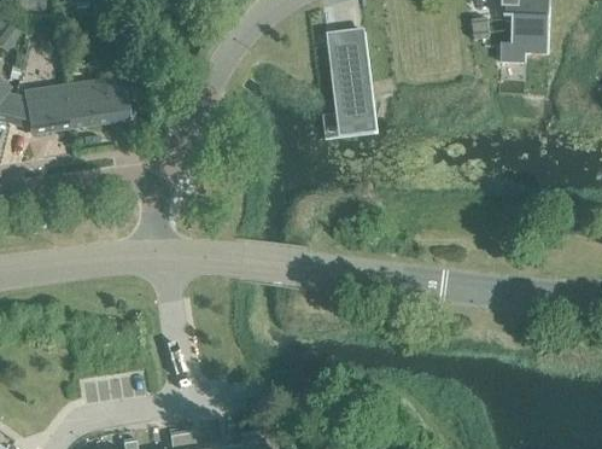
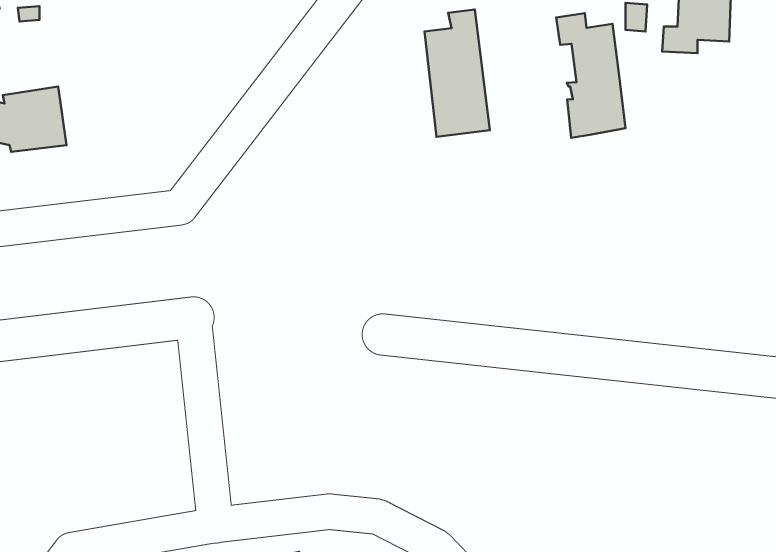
building: none -> [556,13,626,138]
building: [64,80,125,129] -> none

